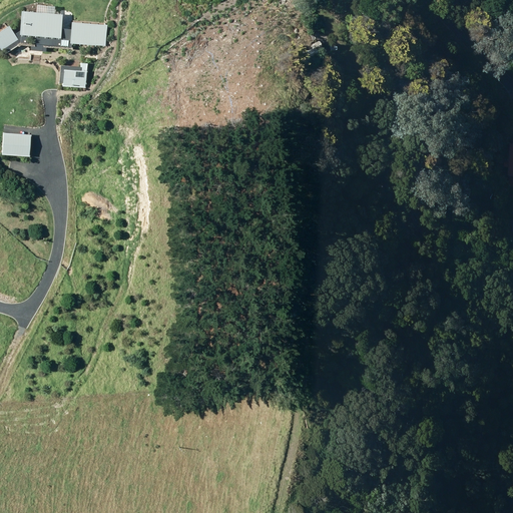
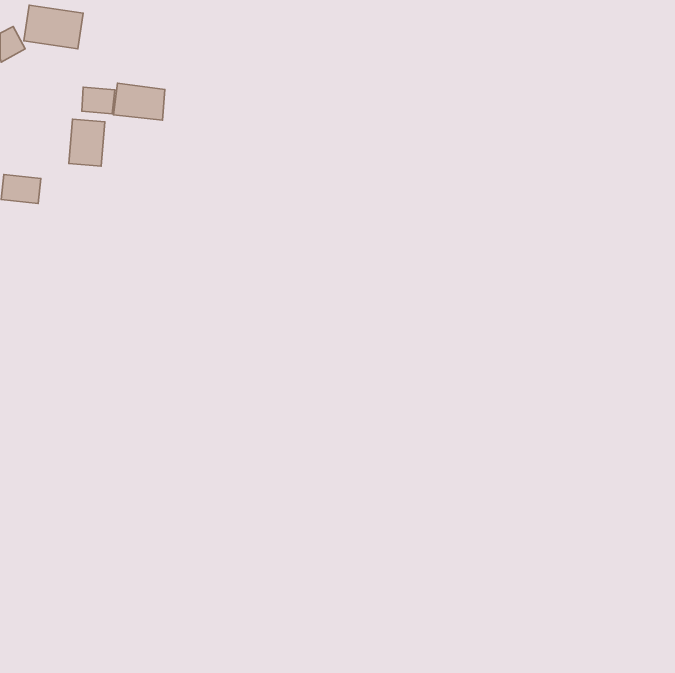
building: [68,20,107,48] -> [113,83,165,120]
building: none -> [69,119,105,166]

